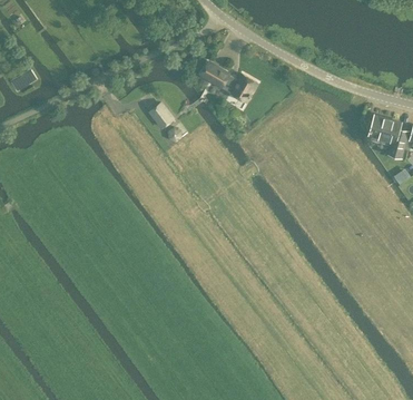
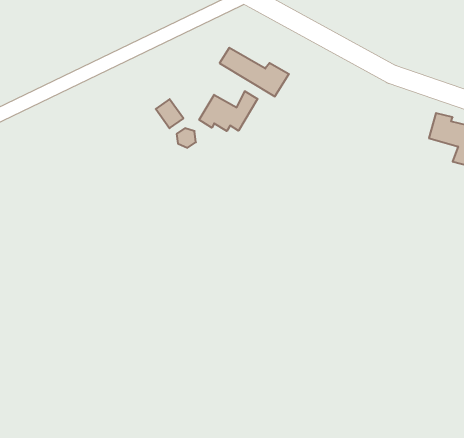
building: none -> [199,91,258,131]

